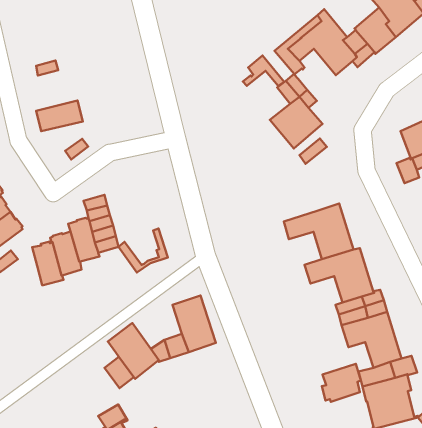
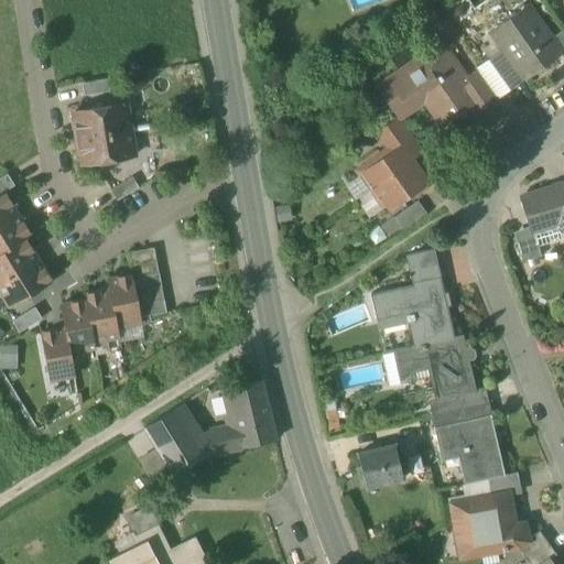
building: [243,56,284,86] -> [398,89,448,128]
building: none -> [74,104,130,139]
building: none -> [408,251,441,288]
building: [119,228,168,272] -> [176,389,236,441]
building: none -> [41,328,75,381]
building: [322,364,361,402] -> [357,444,405,488]

